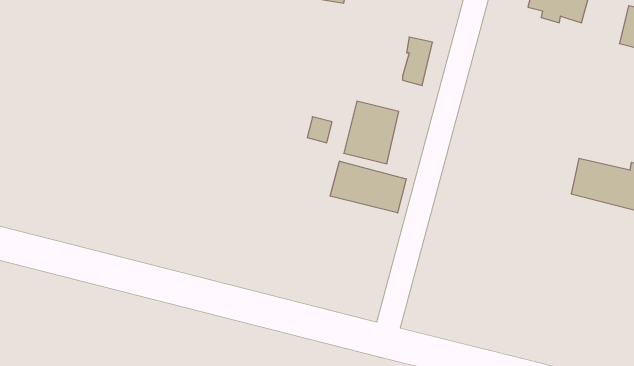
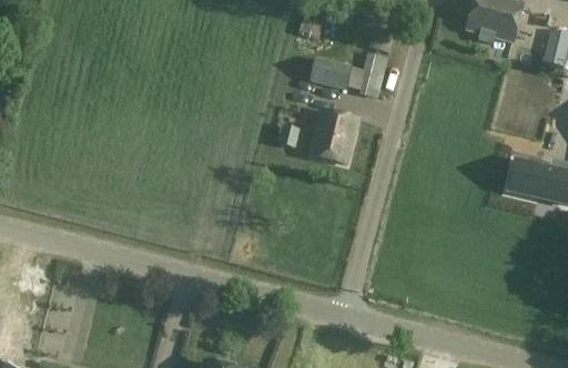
building: none -> [308,57,352,89]
building: [330,161,406,213] -> none

